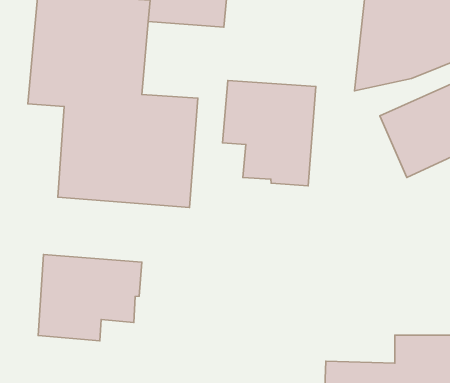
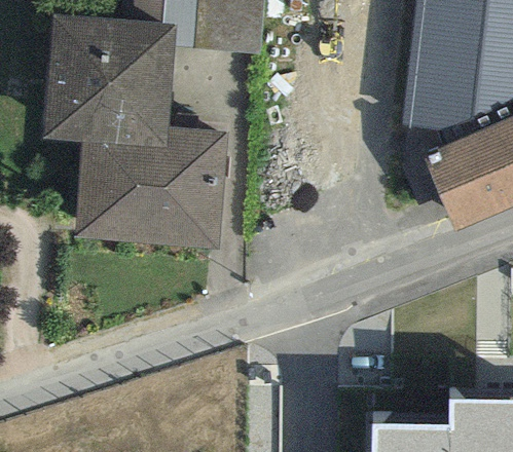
building: [223,81,316,186] -> none
building: [38,254,142,341] -> none

